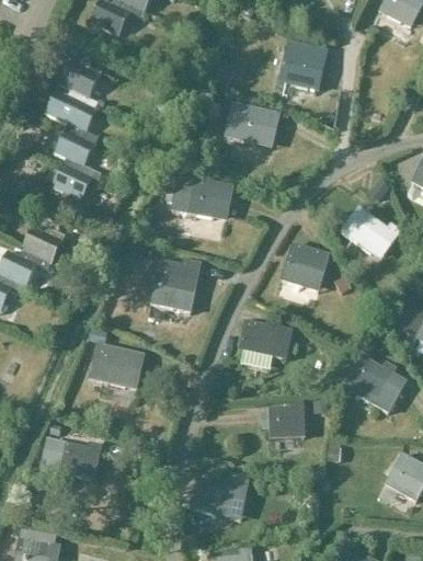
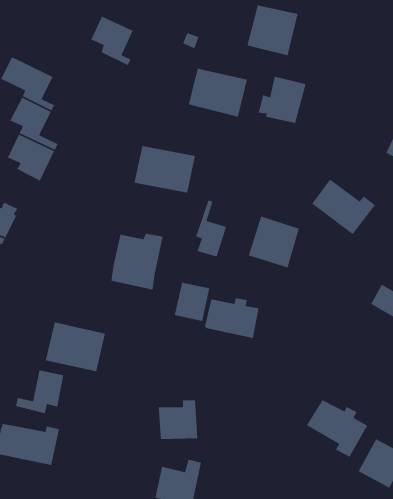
building: [58,60,100,108] -> [90,15,134,66]
building: none -> [258,76,306,124]
building: none -> [195,199,227,258]
building: none -> [174,282,210,322]
building: [346,355,405,411] -> [306,399,368,458]
building: none -> [15,370,64,414]
building: [267,400,306,438] -> [158,400,198,440]

